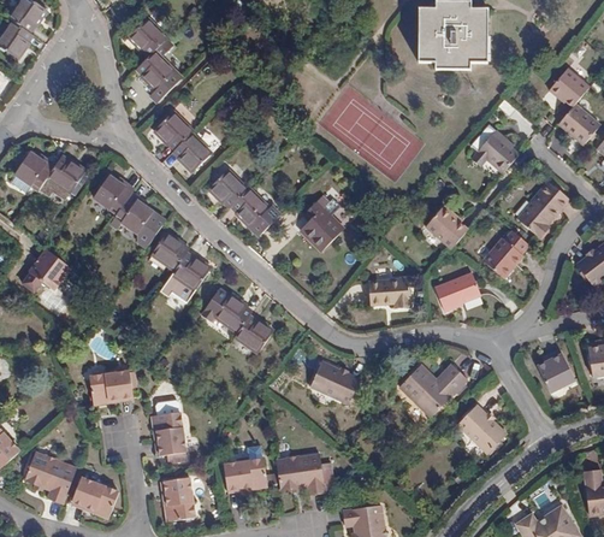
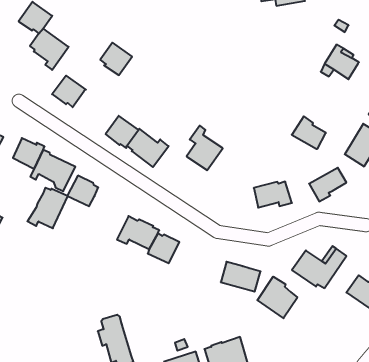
building: [170,132,208,172] -> [100,43,132,75]
building: [155,253,208,302] -> [27,188,68,228]
building: [91,368,137,403] -> none
building: none -> [257,277,297,318]

